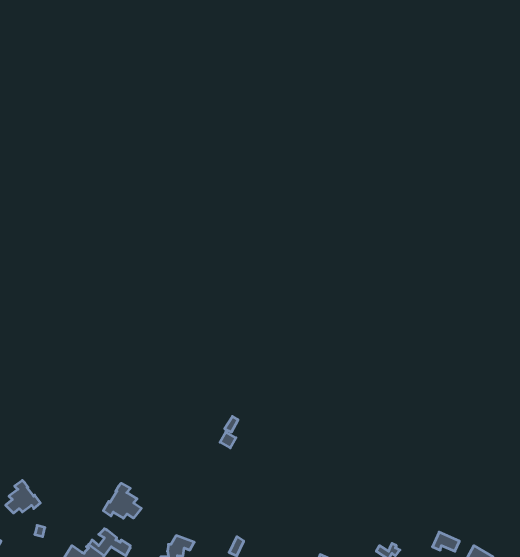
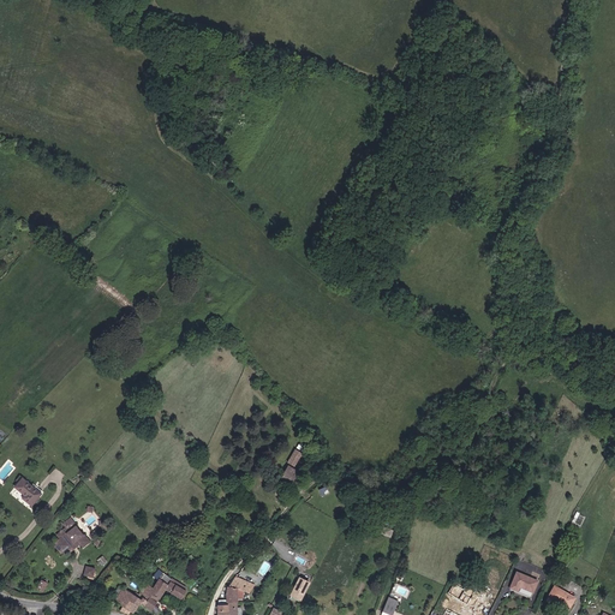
building: [103,483,141,518] -> none

